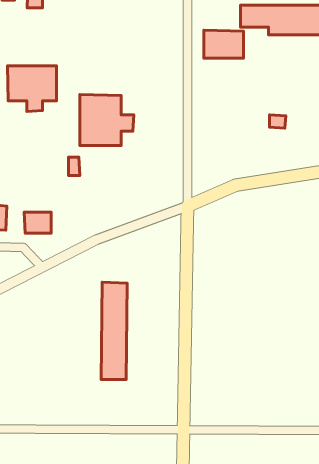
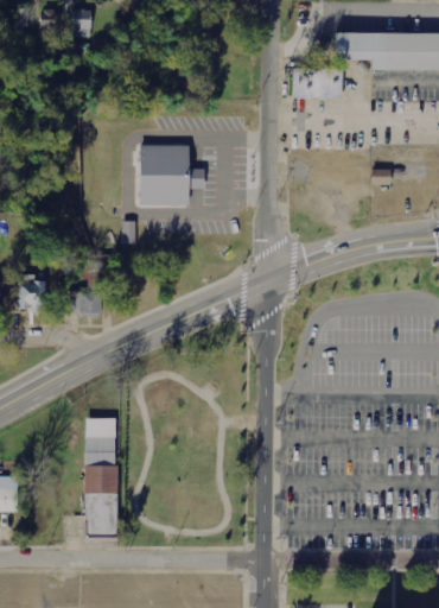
building: [7,66,56,111] -> none
building: [101,282,127,379] -> [84,417,116,537]

